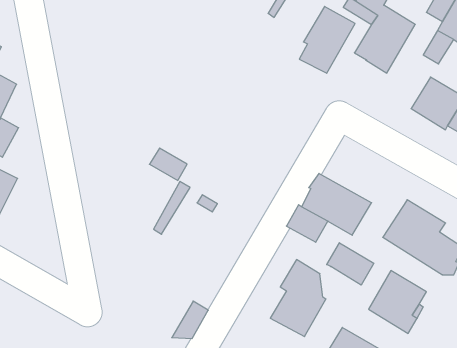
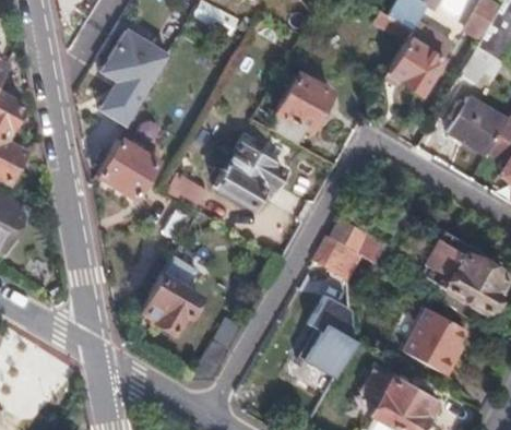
building: [299,6,355,73] -> [270,73,330,145]
building: none -> [104,26,173,127]
building: none -> [97,139,159,198]
building: none -> [214,145,282,207]
building: none -> [142,275,199,332]
building: [327,243,374,285] -> none

